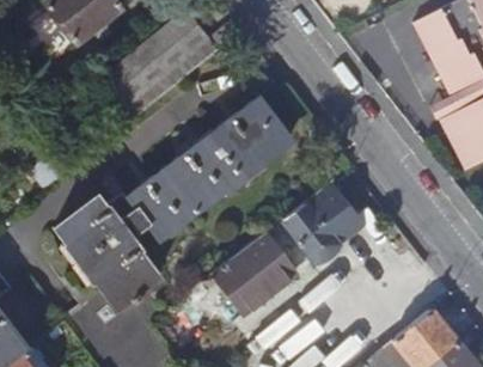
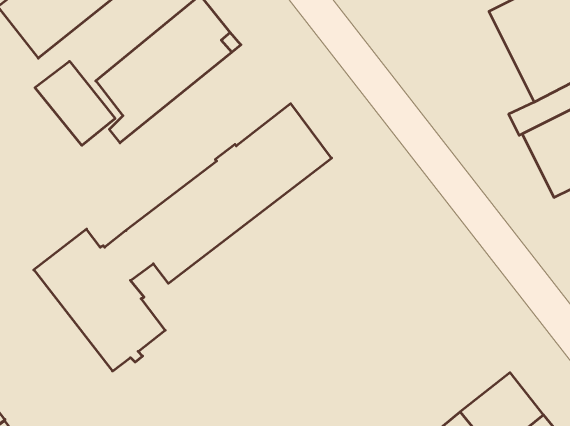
building: none -> [35,61,115,145]
building: [285,185,354,262] -> none
building: [214,236,293,311] -> none

